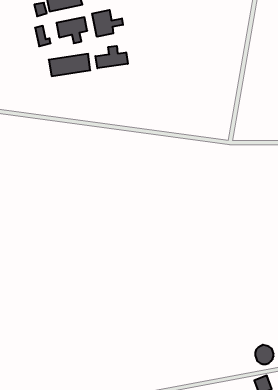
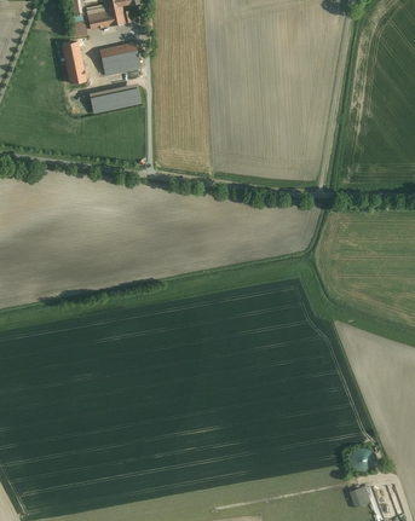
building: [92,10,123,37] -> none
building: [95,46,128,68] -> none

